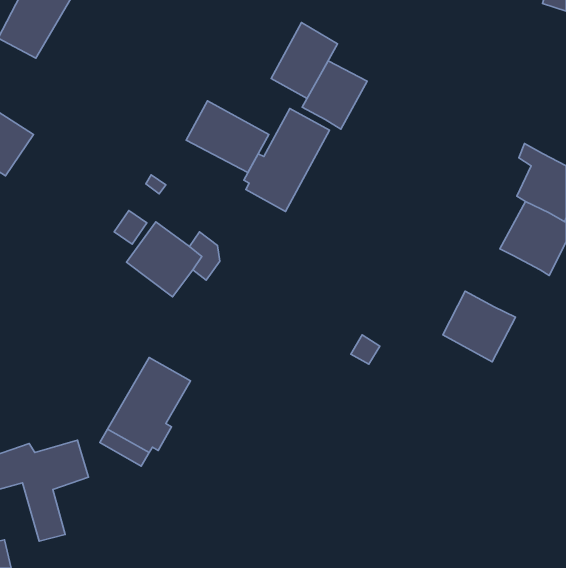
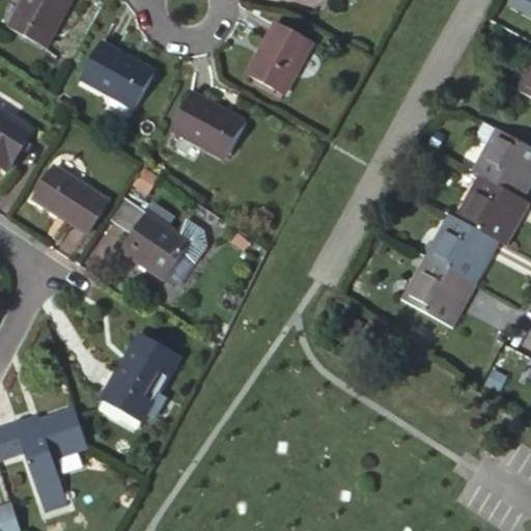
building: none -> [84,47,160,112]
building: [302,61,367,129] -> none
building: [244,108,329,211] -> none
building: none -> [27,157,104,228]
building: none -> [430,226,500,294]

